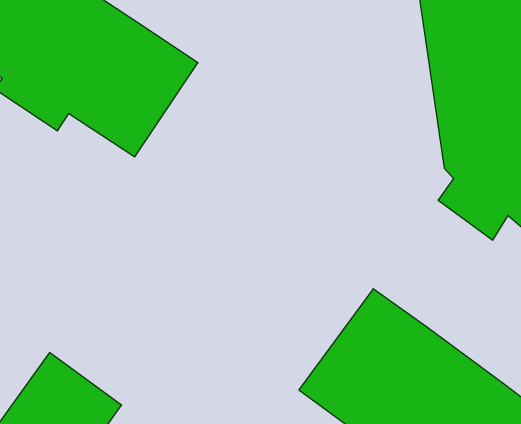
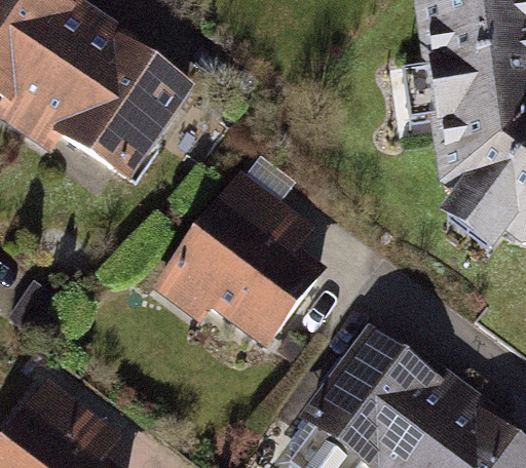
building: none -> [152,168,327,355]

